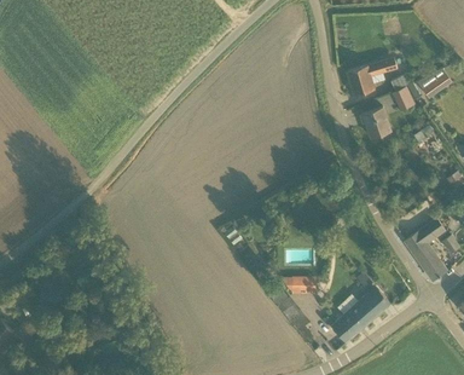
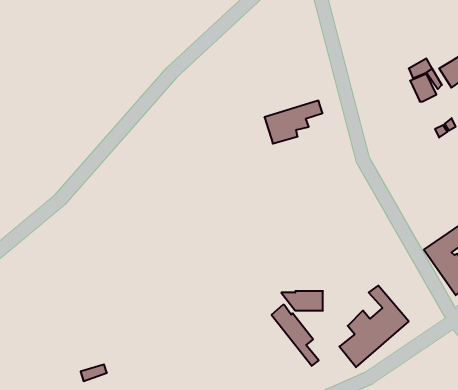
building: [346,58,396,96] -> [264,101,323,144]
building: [360,108,392,138] -> none

